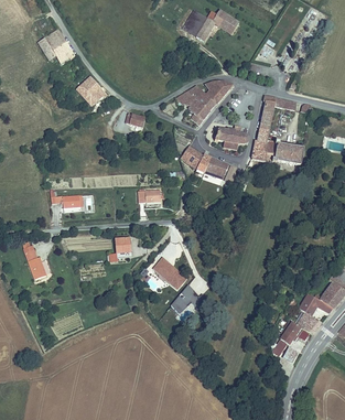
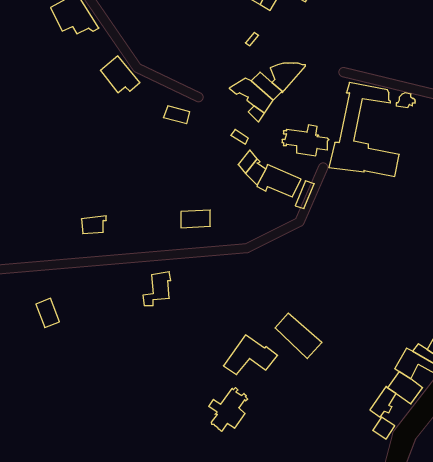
building: [151,255,186,289] -> [275,313,322,359]
building: none -> [209,388,248,431]

